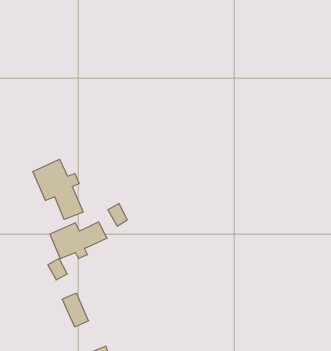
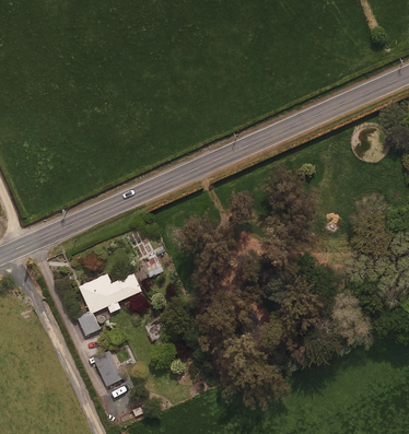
building: [33,159,83,219] -> none

